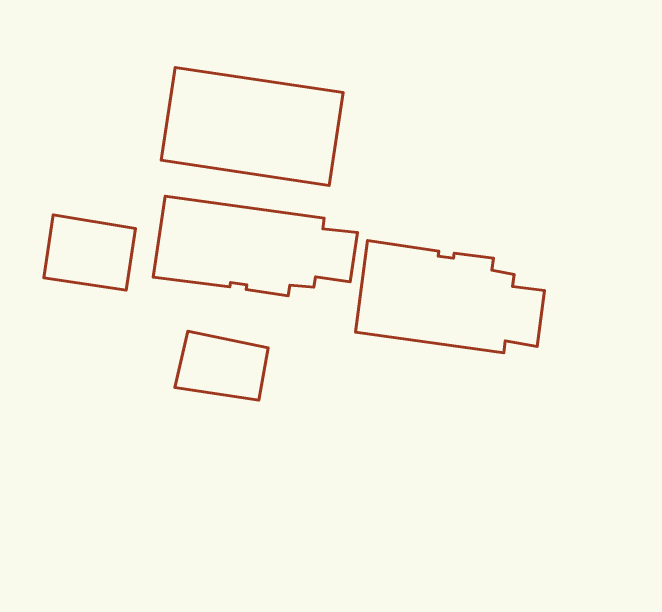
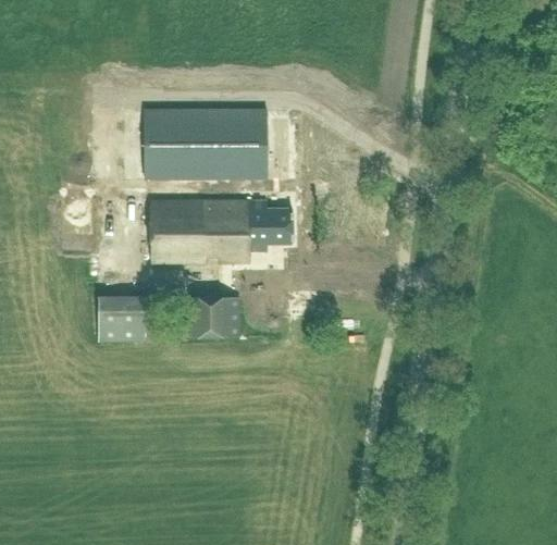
building: [44,215,135,290] -> [99,296,159,342]
building: [356,240,545,353] -> none

